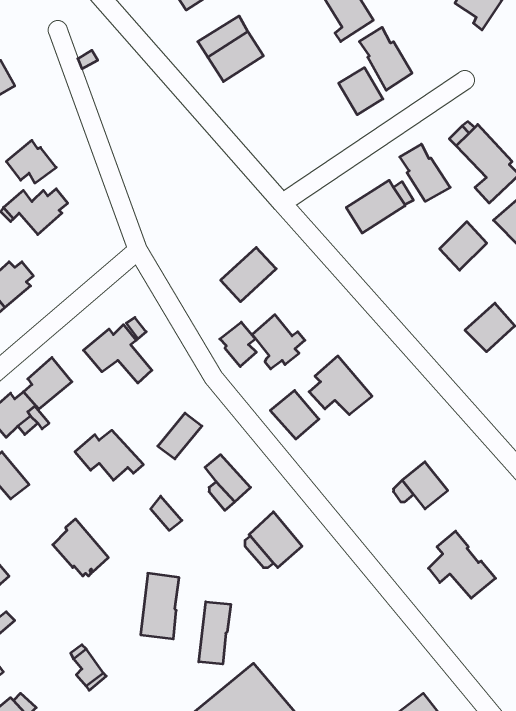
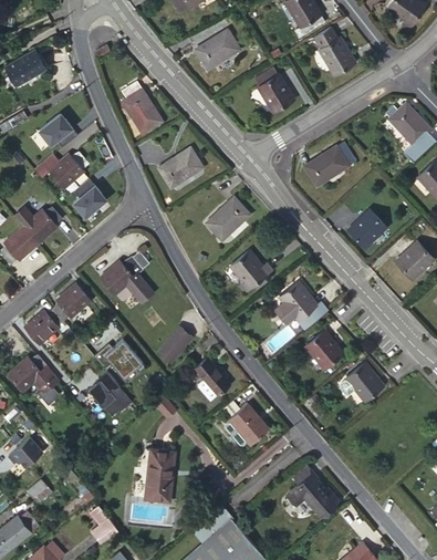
building: [339,68,383,115] -> [259,75,293,112]
building: none -> [122,81,163,134]
building: [400,144,450,201] -> none
building: none -> [158,146,202,187]
building: [440,222,487,270] -> [348,209,385,247]
building: none -> [73,185,108,219]
building: [220,322,256,367] -> none
building: [270,390,319,439] -> [304,330,342,367]
building: [53,519,108,576] -> [89,371,132,415]
building: [428,531,496,598] -> [287,465,339,517]
building: [199,602,231,664] -> none

